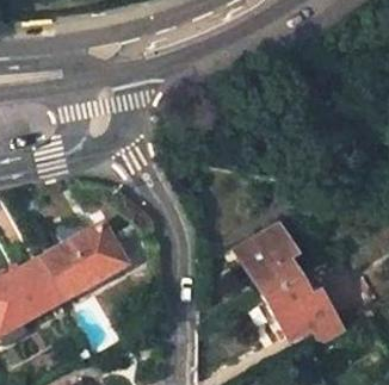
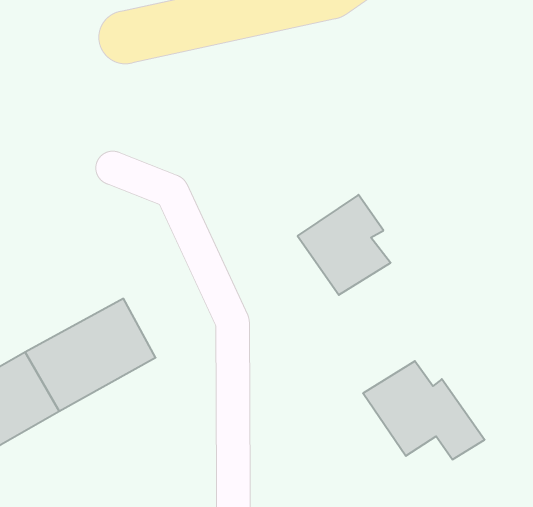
building: [239,221,301,287] -> [298,195,391,295]

